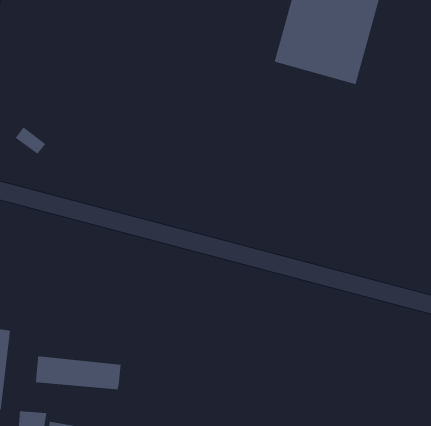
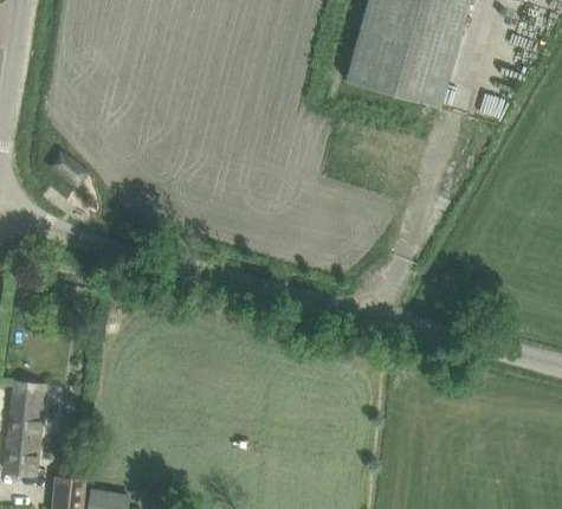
building: [35,355,121,390] -> none

